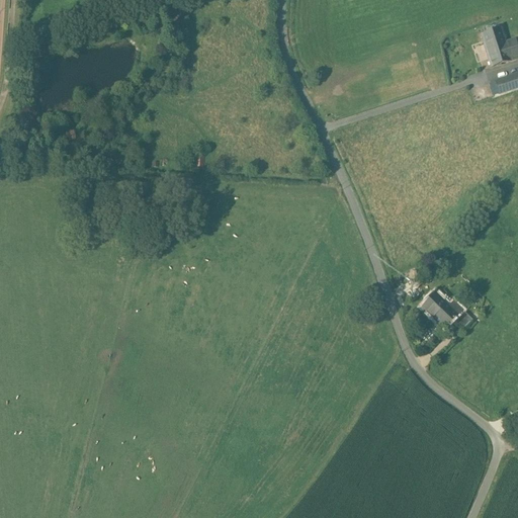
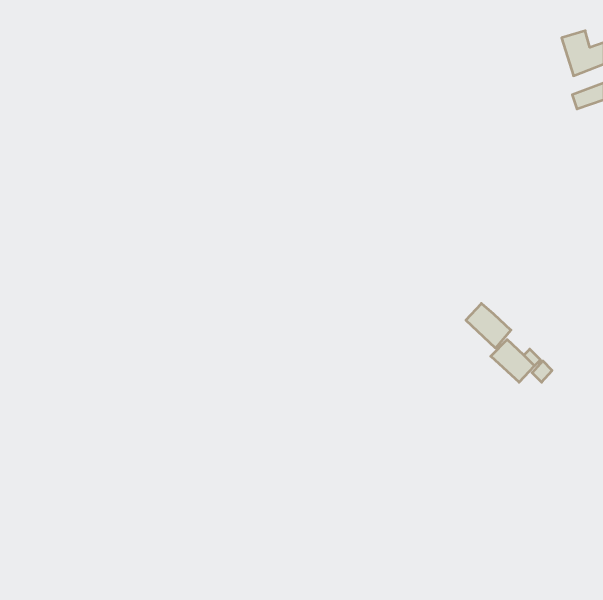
building: none -> [466,303,511,348]

